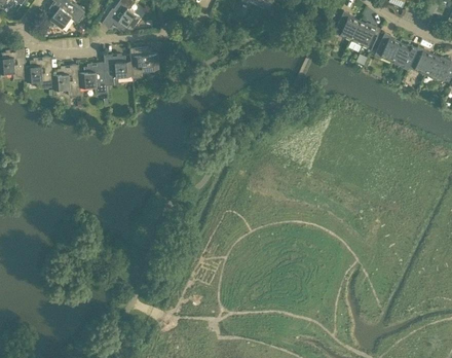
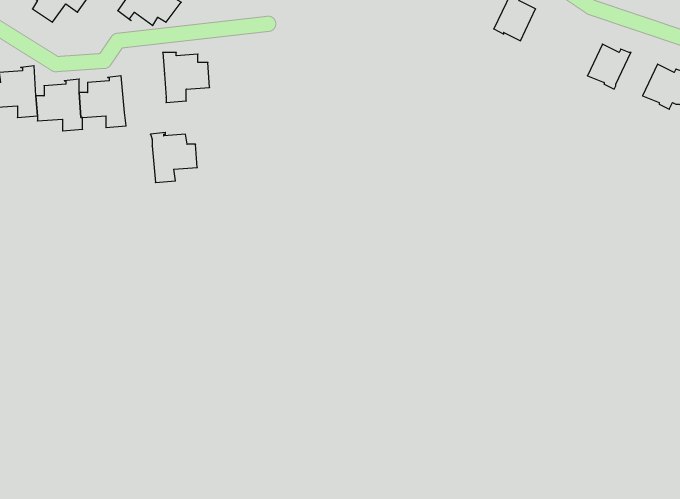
building: [349,21,376,48] -> none
building: [374,32,400,62] -> none
building: [408,45,434,74] -> none
building: [103,53,131,84] -> [150,132,197,183]

